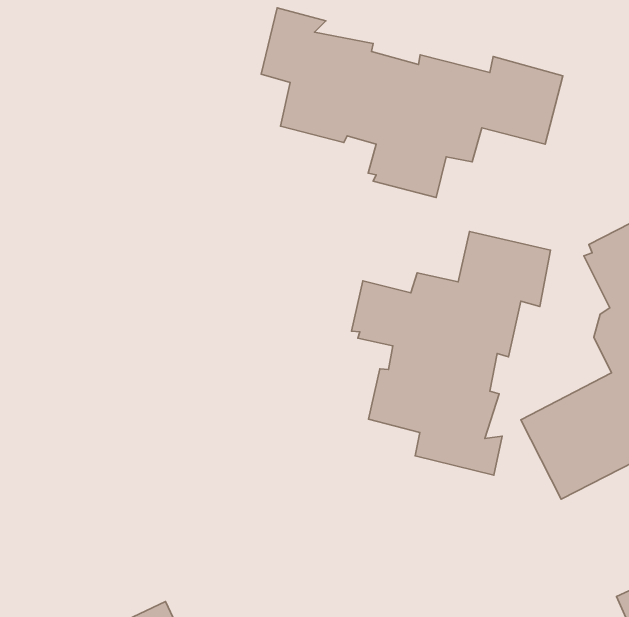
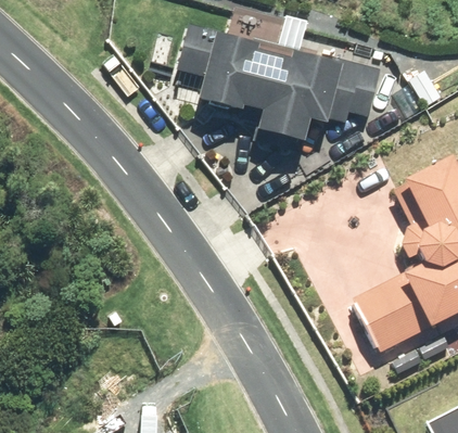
building: [351,231,551,475] -> none

